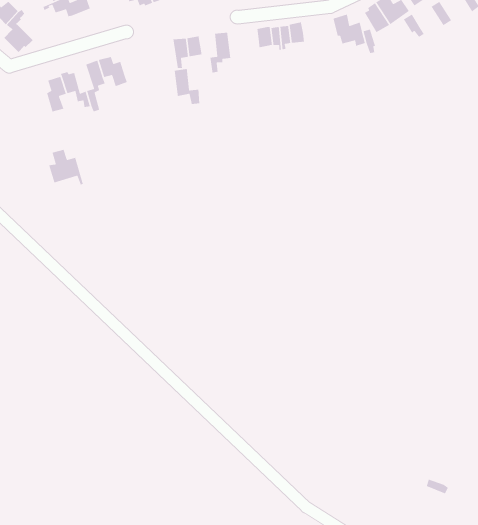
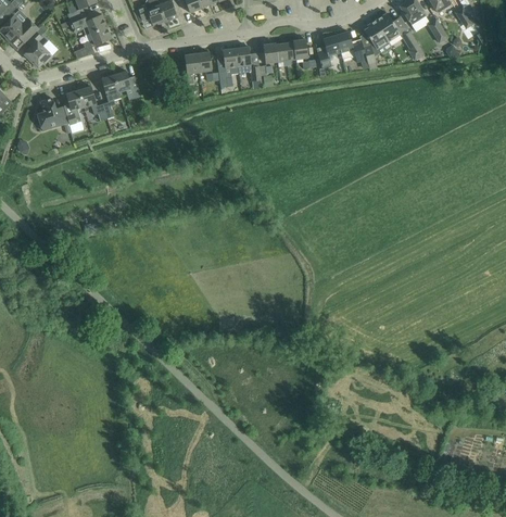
building: none -> [74,26,112,58]
building: none -> [317,35,339,76]
building: [174,68,200,105] -> [236,46,261,80]
building: [48,149,84,186] -> [37,98,71,133]

